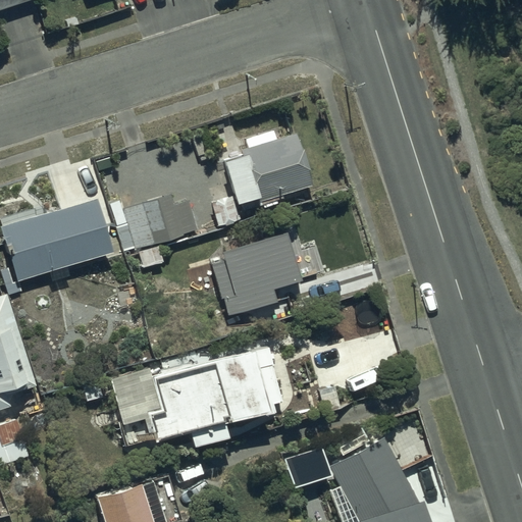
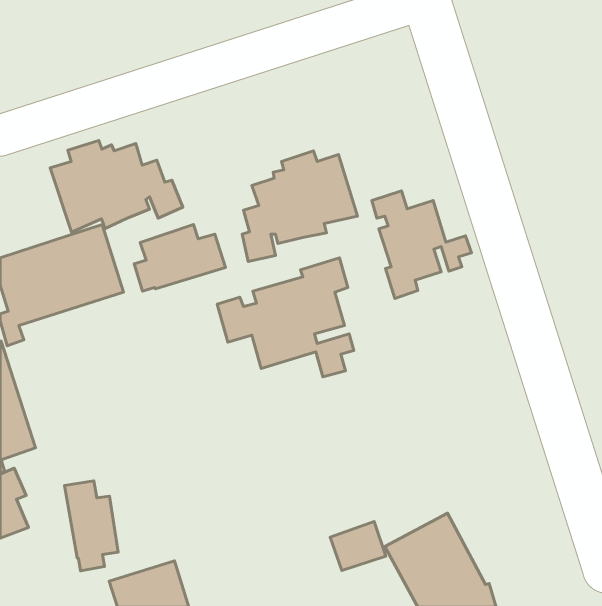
building: none -> [50,141,183,232]
building: none -> [372,191,471,298]
building: [110,349,282,446] -> none
building: none -> [64,481,118,571]

